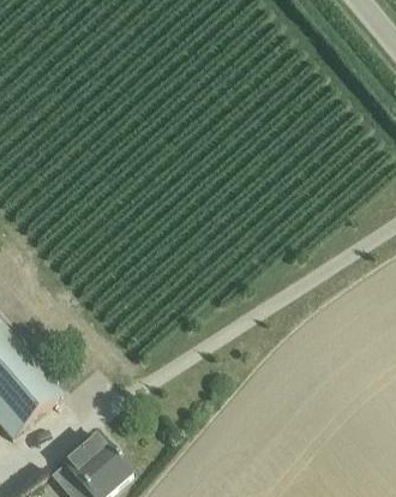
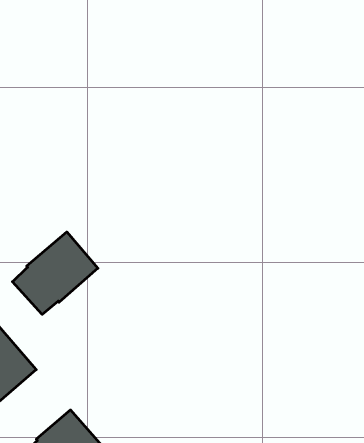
building: none -> [12,232,98,314]

